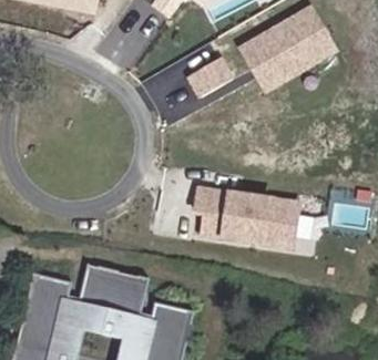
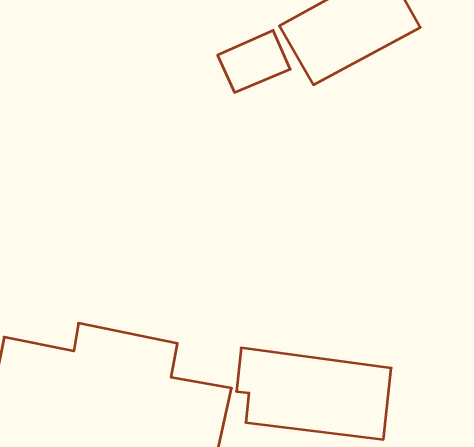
building: [190,187,300,253] -> [236,348,391,439]

